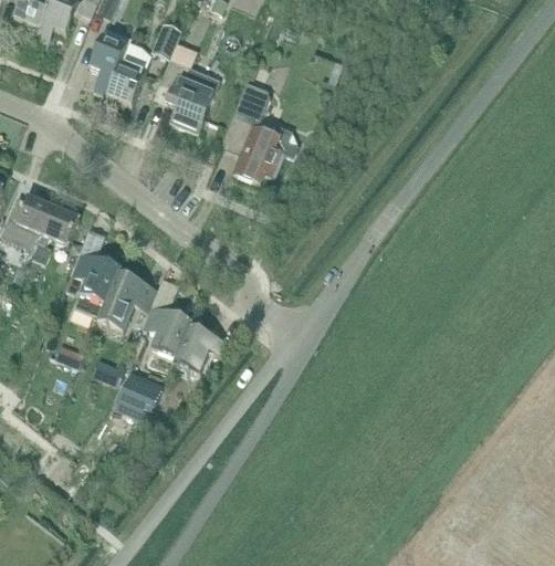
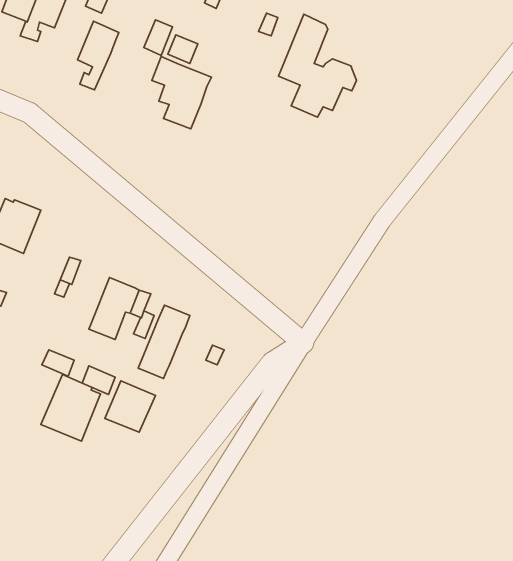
building: [104,44,147,102] -> none
building: [222,81,297,180] -> [279,14,356,117]
building: [31,207,78,263] -> none
building: [76,258,121,316] -> none
building: [174,325,213,371] -> none
building: none -> [41,374,100,441]

